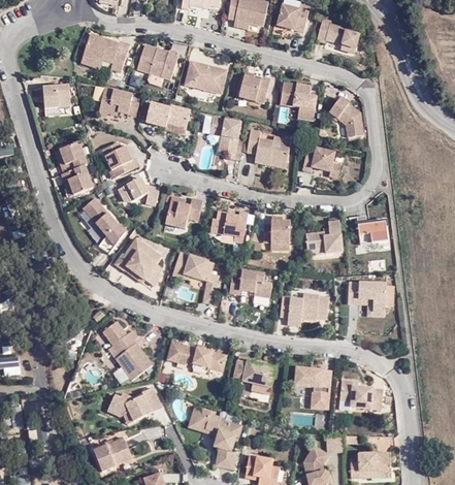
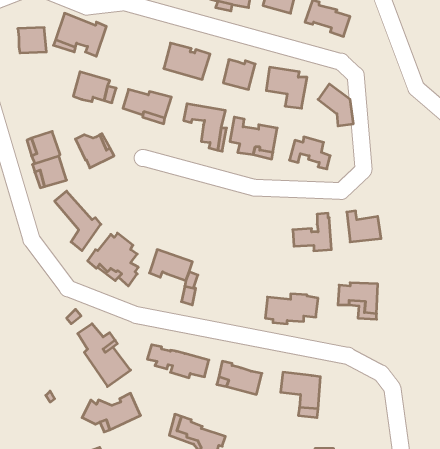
building: [136,42,178,78] -> none
building: [43,83,70,106] -> [18,28,46,53]
building: [118,176,159,204] -> none
building: [164,195,201,227] -> none
building: [208,209,247,242] -> none
building: [262,220,290,242] -> none
building: [228,269,271,297] -> none
building: [339,381,383,410] -> none

